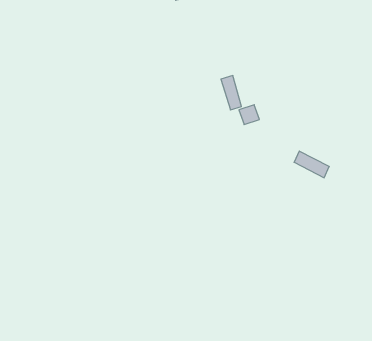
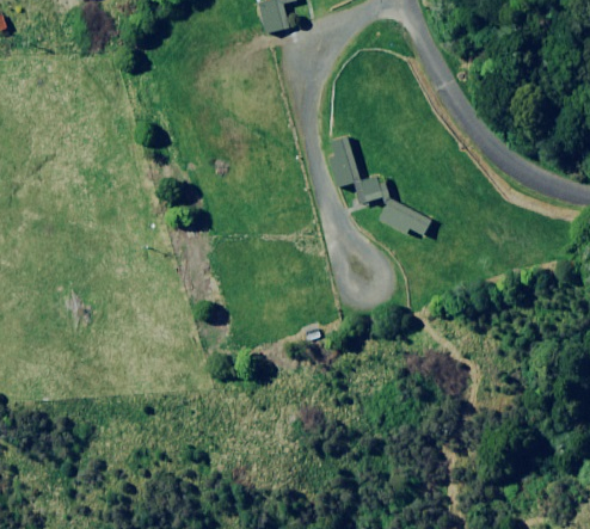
building: [294,151,329,178] -> [382,198,431,235]

